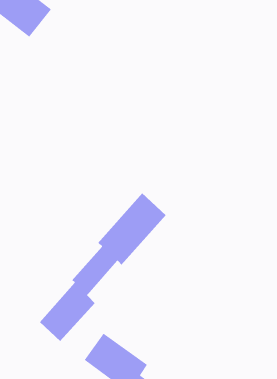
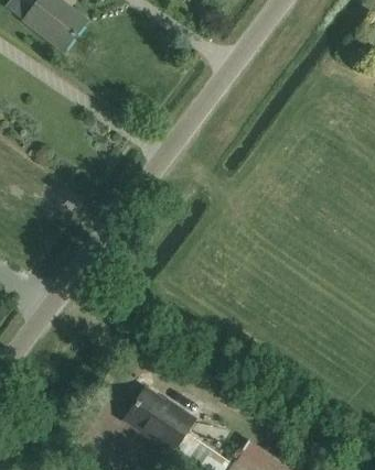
building: [39,193,167,342] -> none

